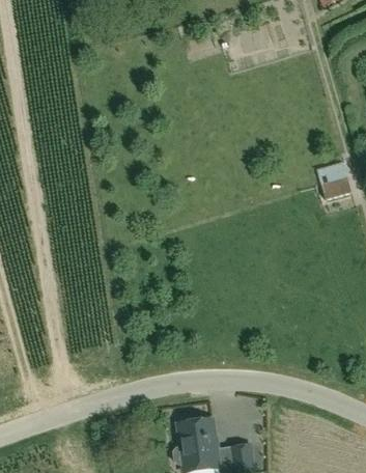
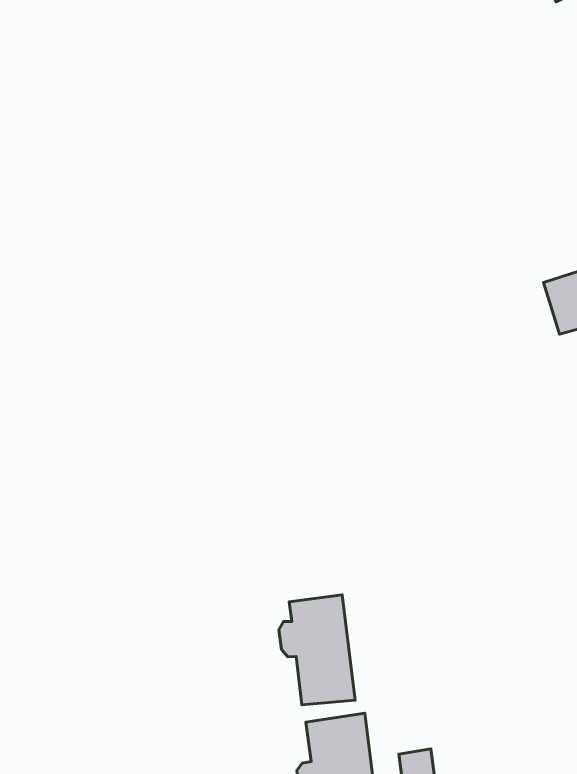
building: none -> [279,595,355,705]

